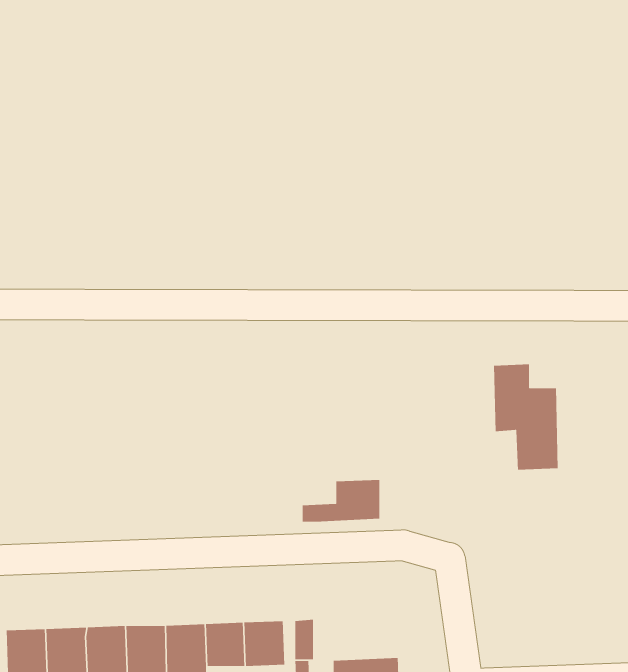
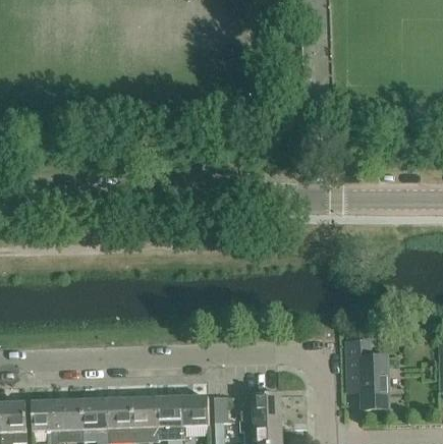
building: [493,363,559,470] -> [346,341,388,409]
building: [302,479,380,522] -> [231,395,281,423]

